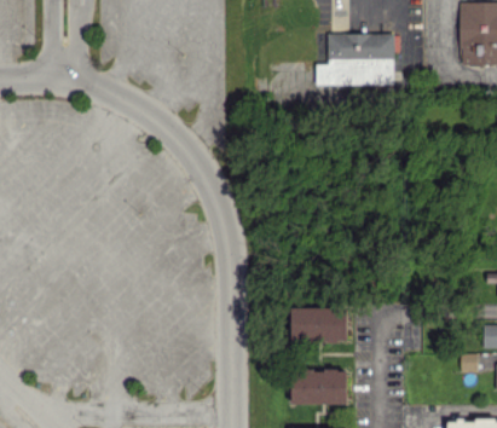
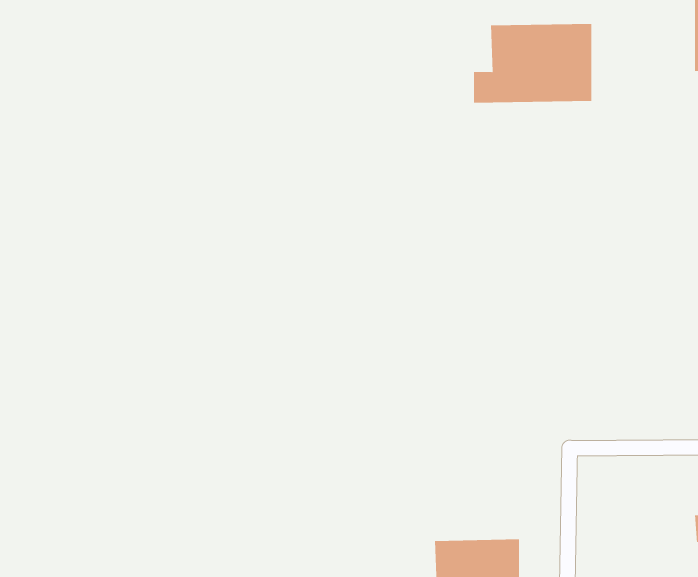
building: [290,308,347,342] -> none

